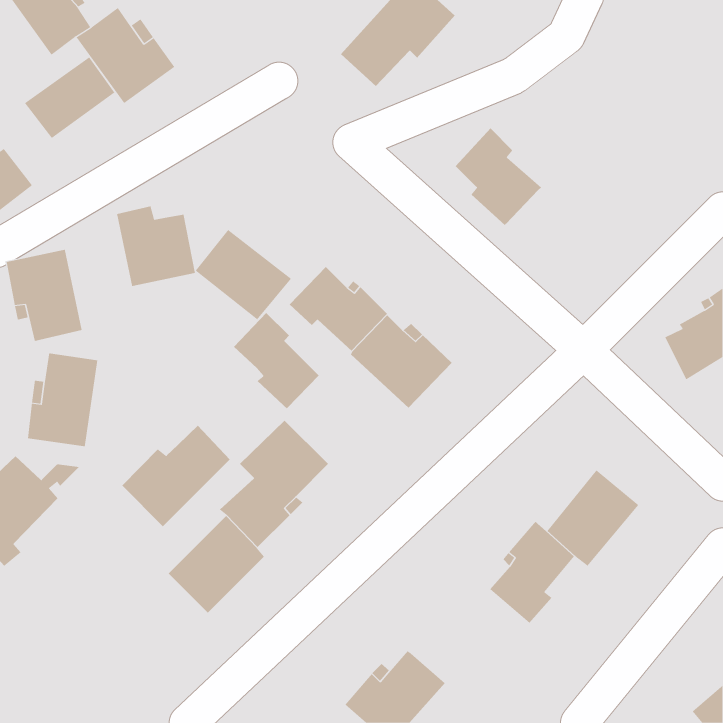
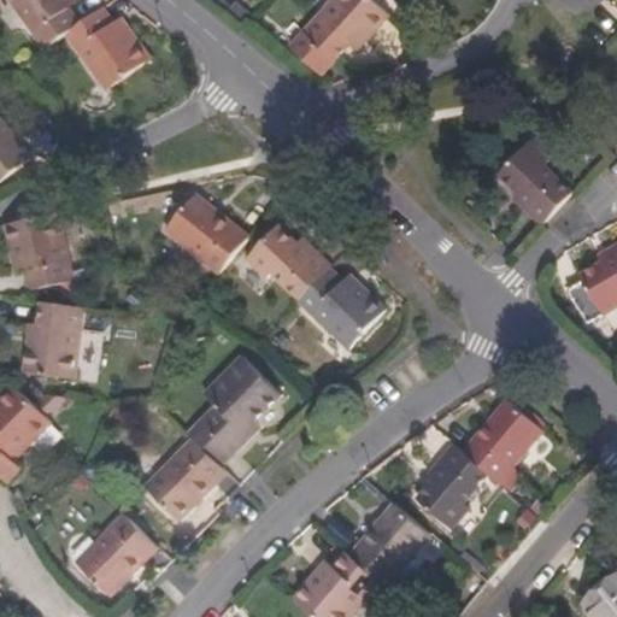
building: [24,57,115,139] -> none
building: [455,128,542,226] -> [496,140,570,223]
building: [117,205,196,287] -> none
building: [233,312,319,410] -> none
building: [122,425,230,527] -> none
building: none -> [348,501,429,584]
building: none -> [75,513,157,595]

